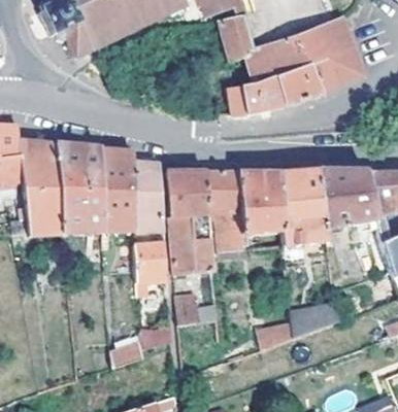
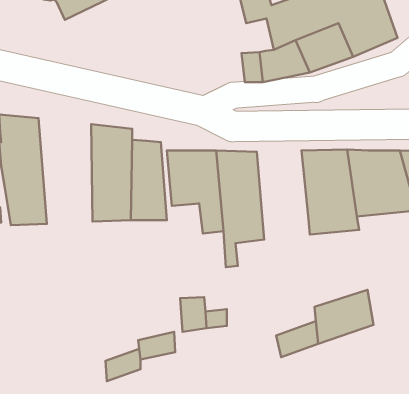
building: [54,142,100,233] -> none
building: [241,170,286,233] -> none
building: [168,215,214,274] -> none
building: [133,242,167,282] -> none

